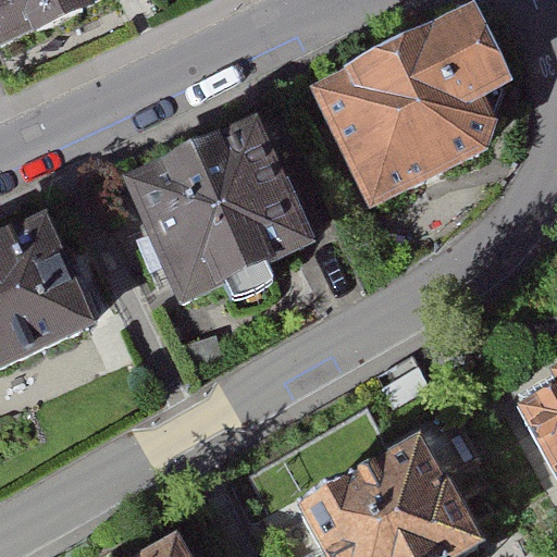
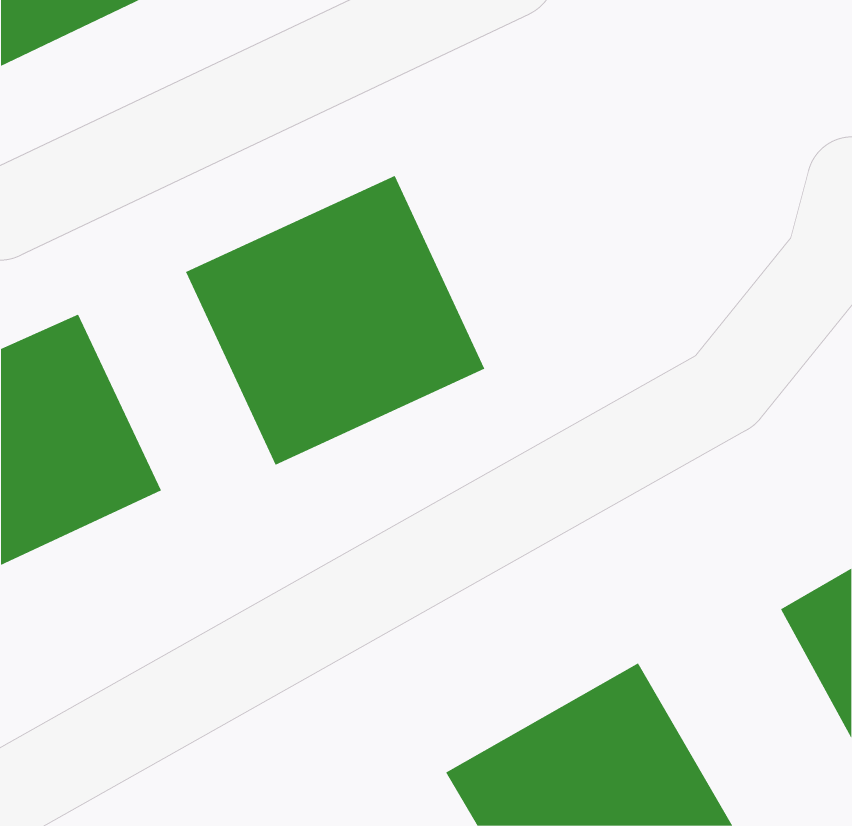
building: [310,4,511,207] -> none

